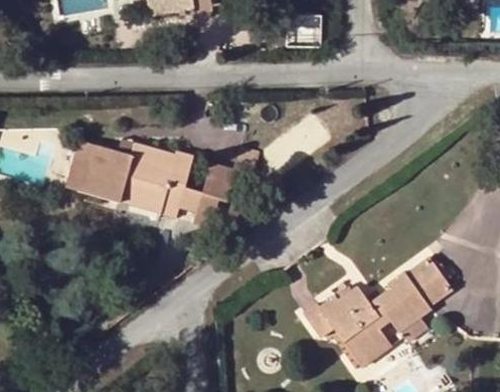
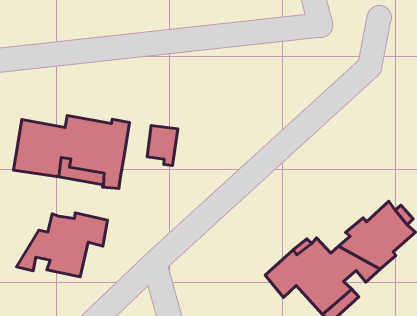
building: [177,186,220,217] -> none
building: none -> [16,213,108,277]

